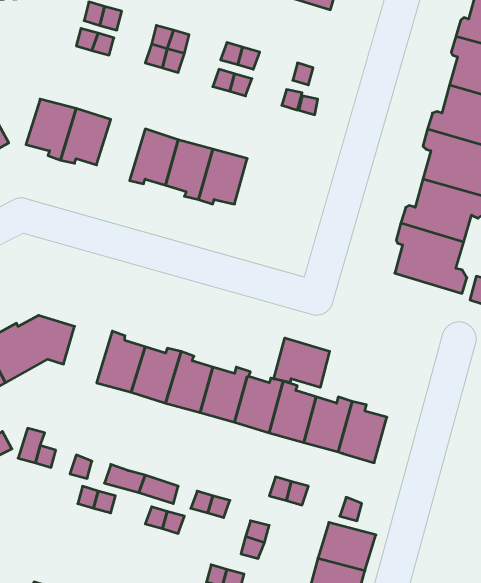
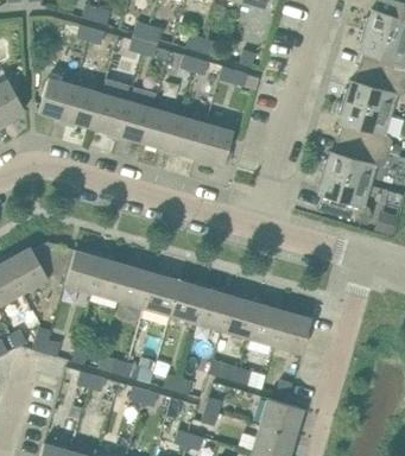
building: none -> [91,94,128,140]
building: none -> [196,124,233,166]
building: none -> [64,251,103,293]
building: [274,338,330,387] -> none

